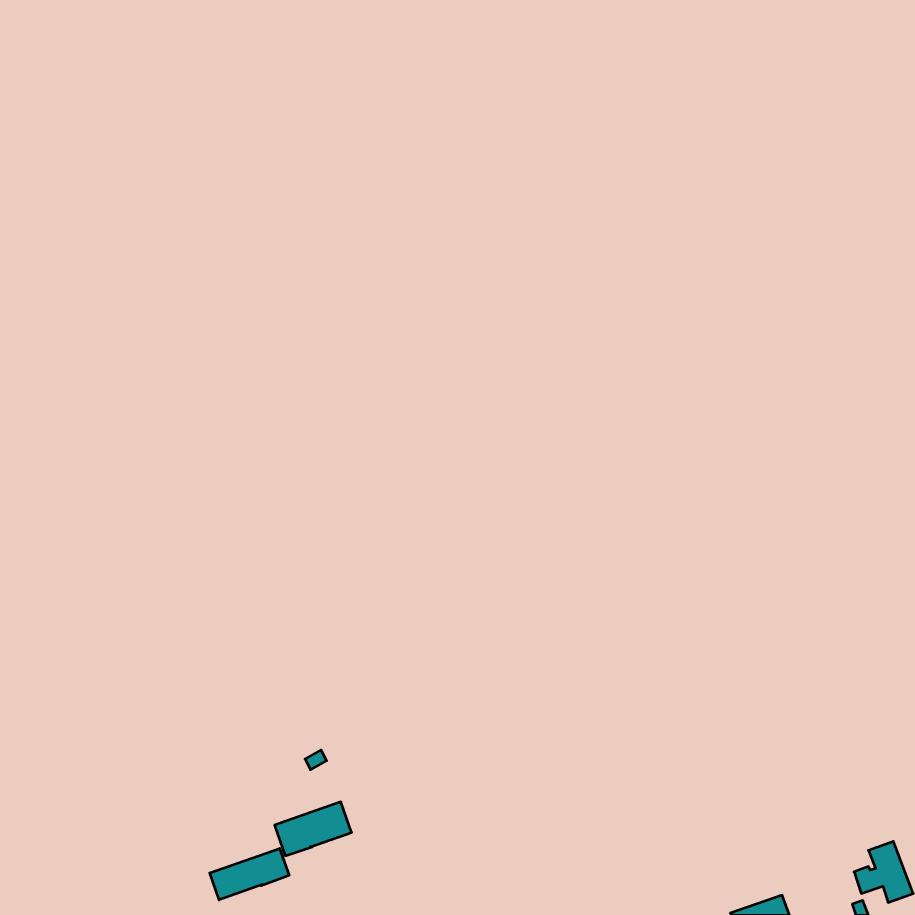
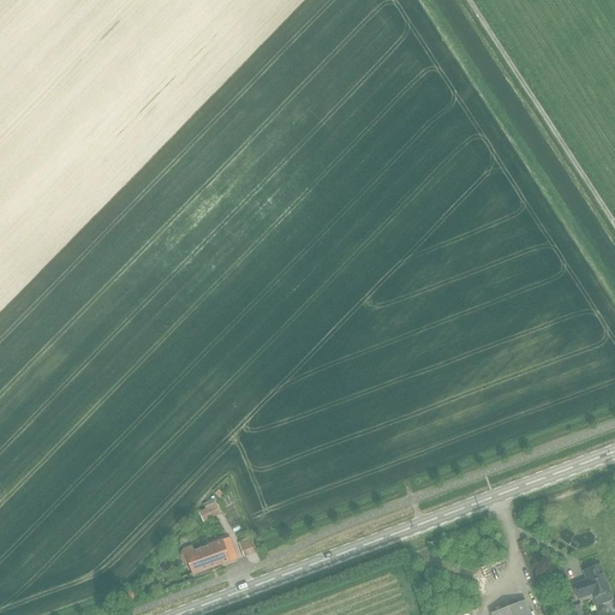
building: [210,848,289,900] -> none

